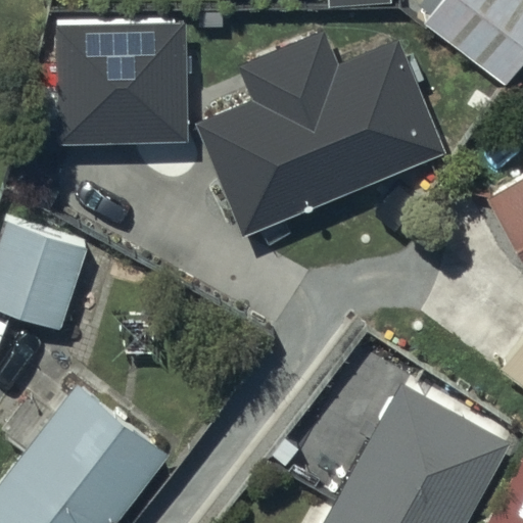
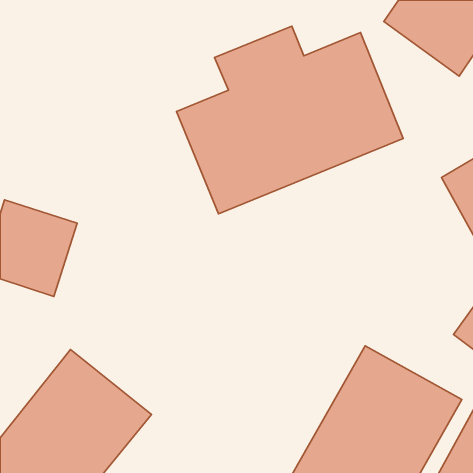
building: [57,23,187,144] -> none

